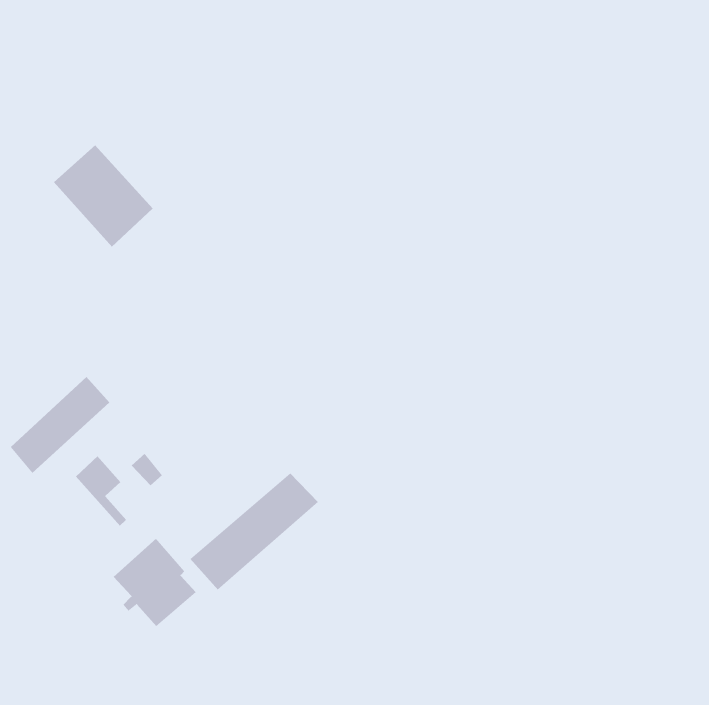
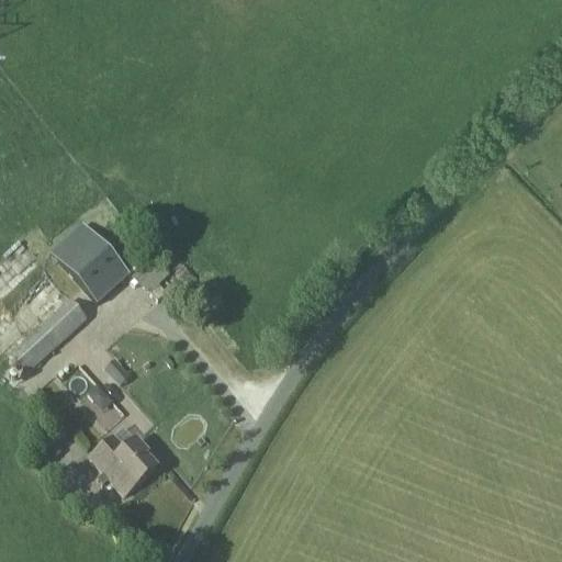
building: [53,145,154,248] -> [52,221,131,302]
building: [190,472,319,591] -> none

